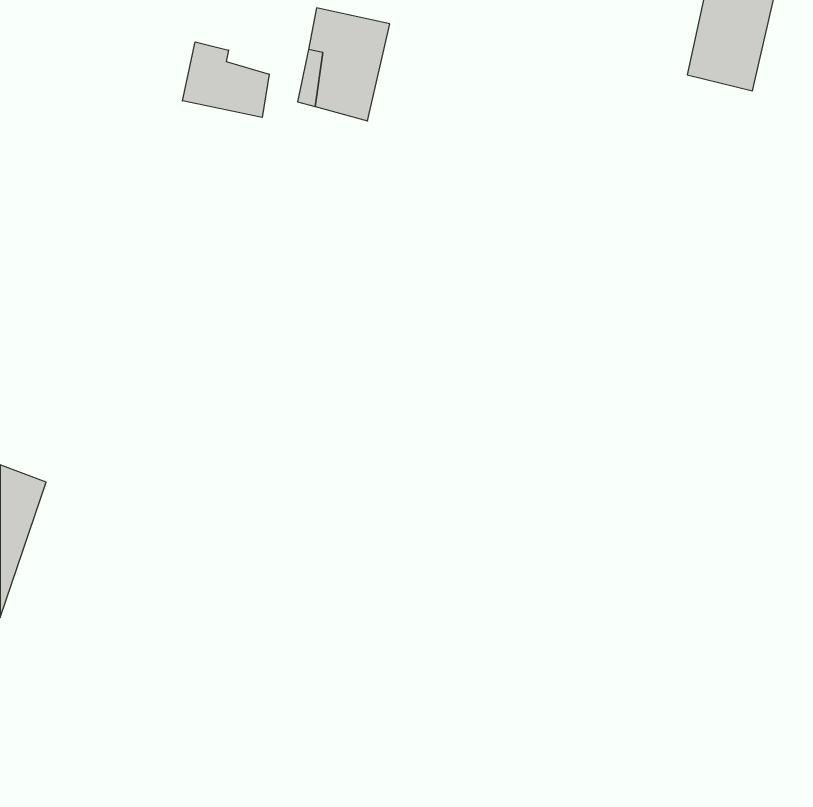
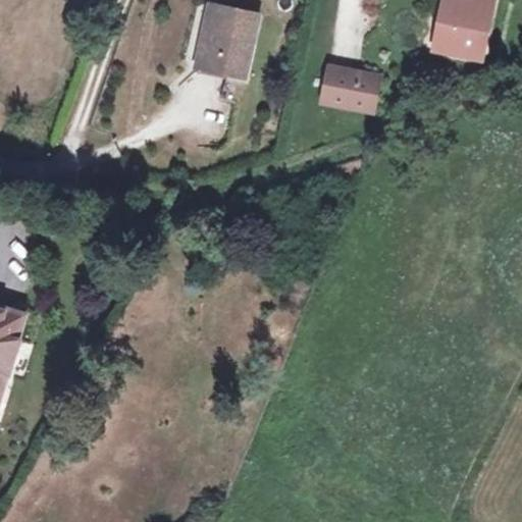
building: [182,42,269,117] -> none
building: none -> [317,70,373,112]

